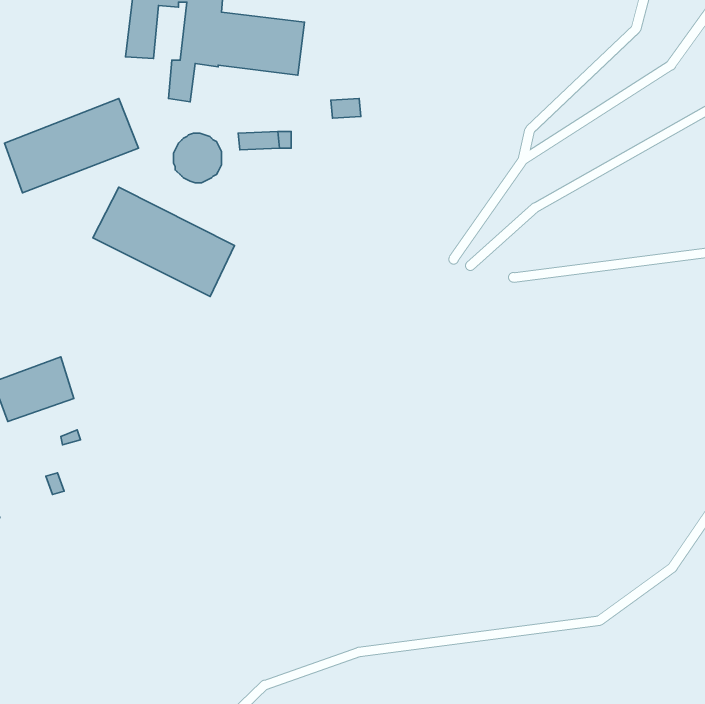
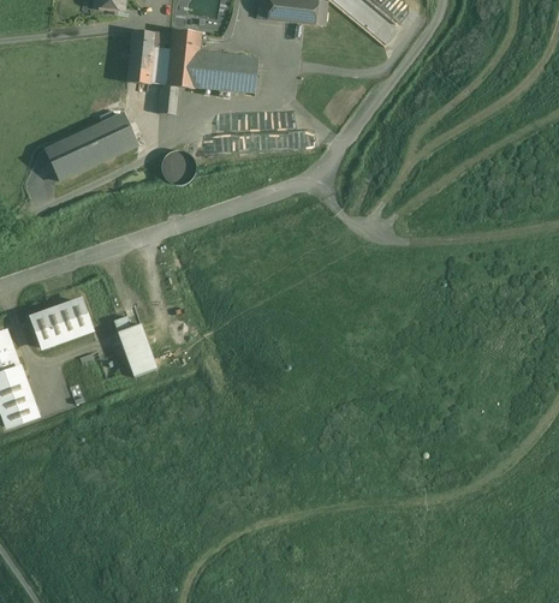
building: [93,187,234,297] -> none
building: none -> [113,315,157,376]

